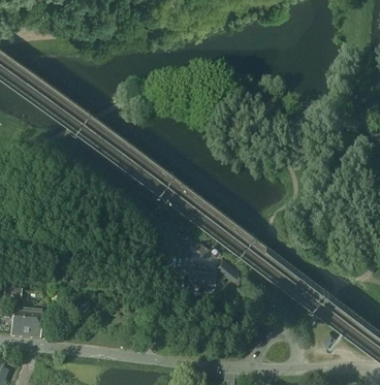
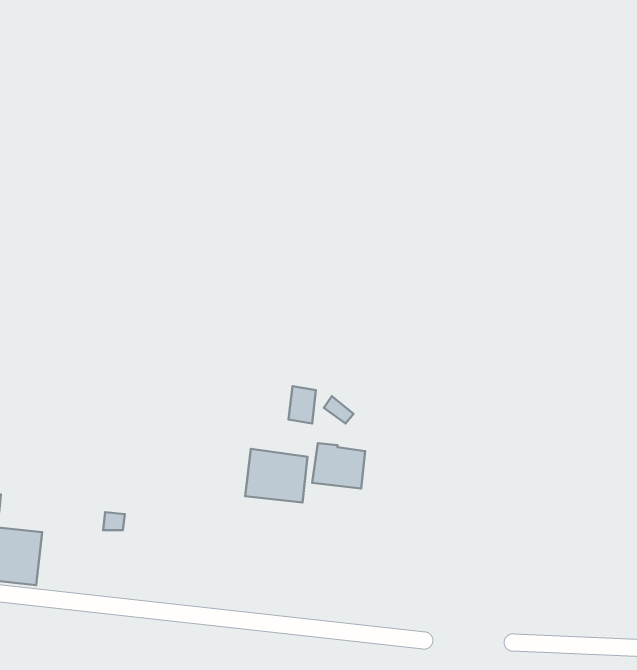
building: none -> [245,449,308,503]

